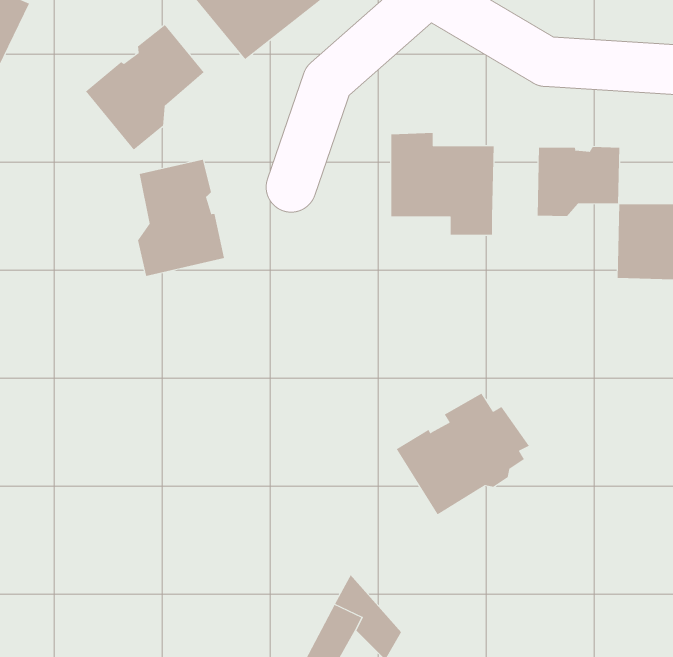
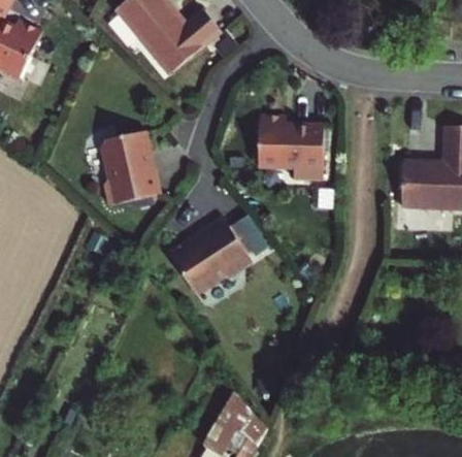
building: [85,24,204,150] -> none
building: [537,146,620,217] -> none
building: [396,393,530,515] -> [171,215,255,291]

